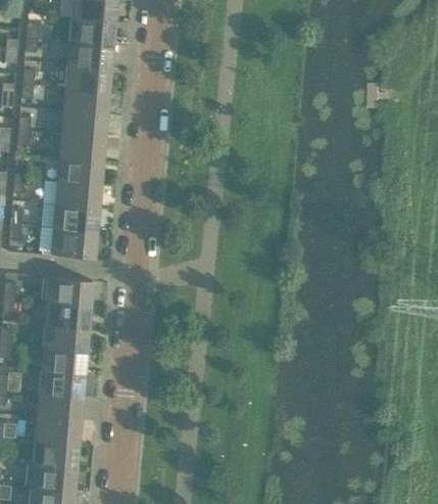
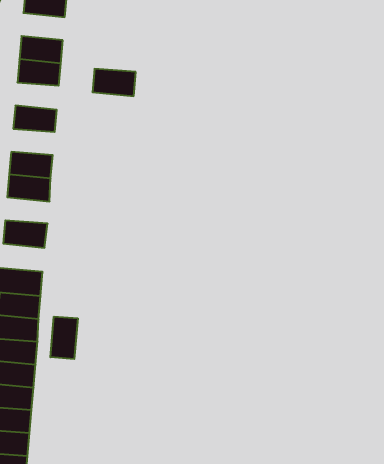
building: [68,17,112,45] -> none
building: [62,88,106,116] -> [92,69,136,96]
building: [58,135,102,162] -> none
building: [52,204,97,231] -> none
building: none -> [50,317,78,359]

